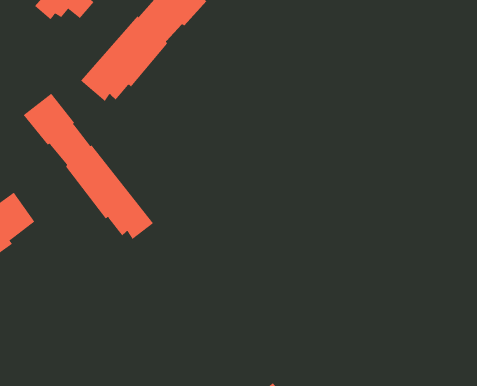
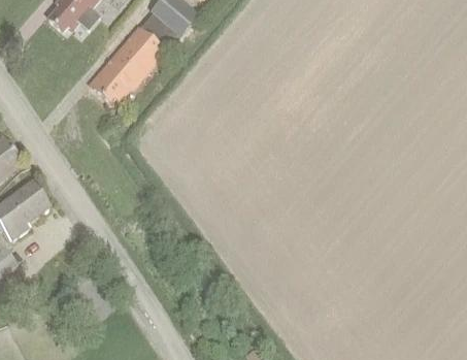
building: [23,93,154,240] -> none

